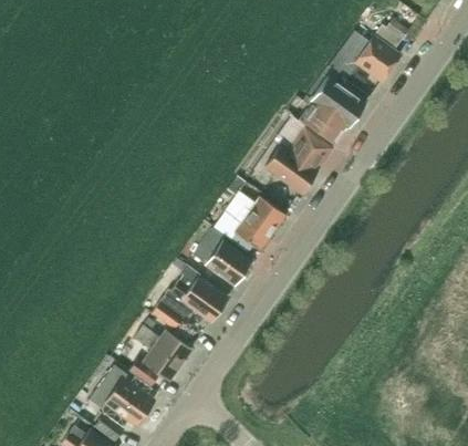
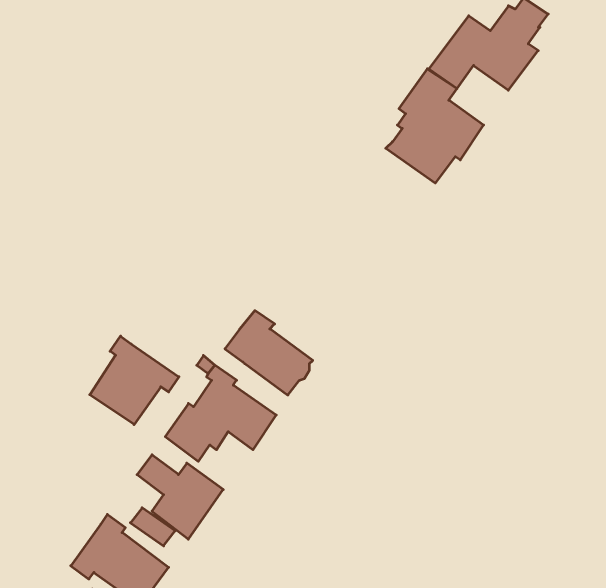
building: [264,128,331,193] -> none
building: [215,197,284,252] -> none
building: none -> [90,336,179,425]

